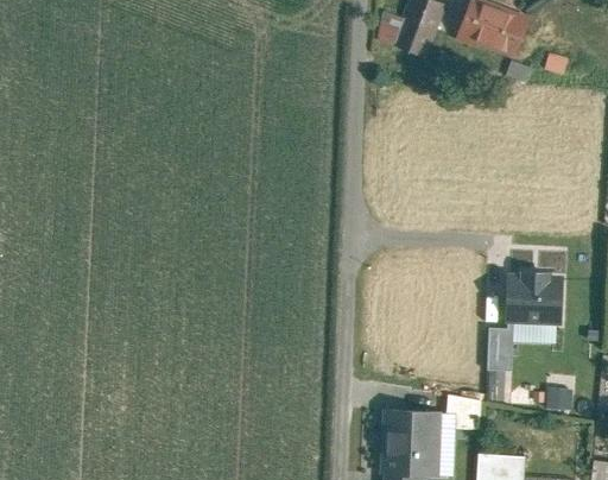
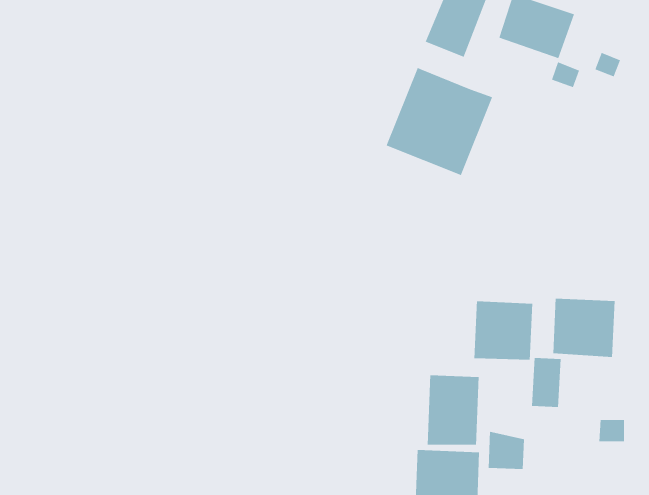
building: none -> [386,67,493,176]
building: none -> [474,300,533,360]
building: none -> [427,374,479,446]

